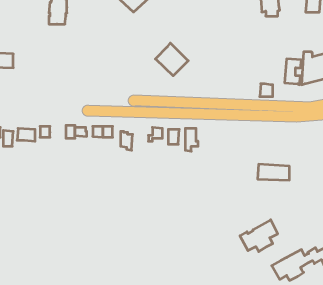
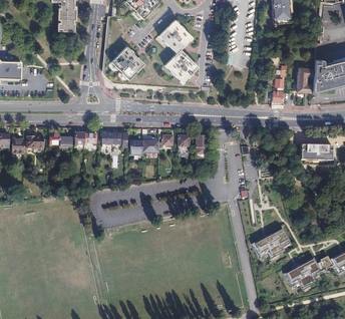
building: none -> [159,19,194,53]
building: none -> [111,46,145,79]
building: [258,164,289,180] -> [299,145,331,162]

